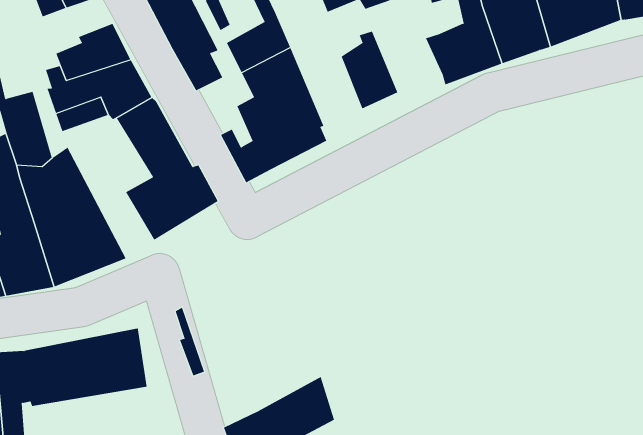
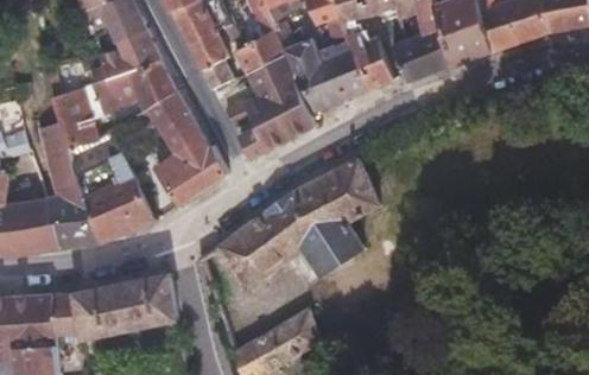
building: none -> [273,21,341,114]
building: none -> [348,31,392,88]
building: none -> [216,157,376,293]

